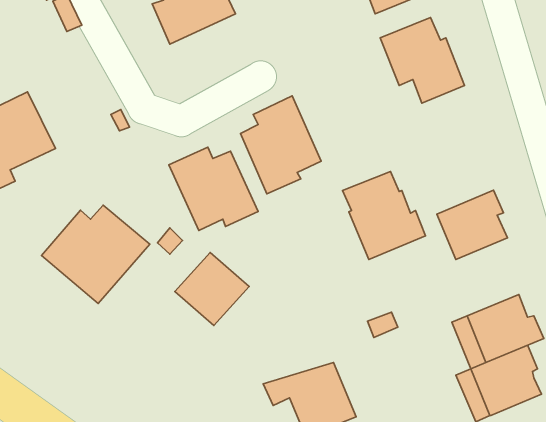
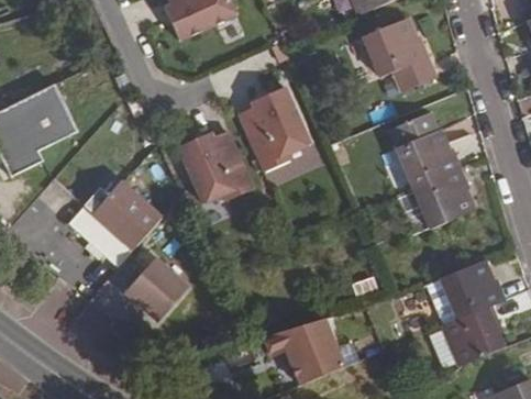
building: [343,171,426,260] -> [389,112,462,189]
building: [175,252,249,325] -> [124,257,189,321]

